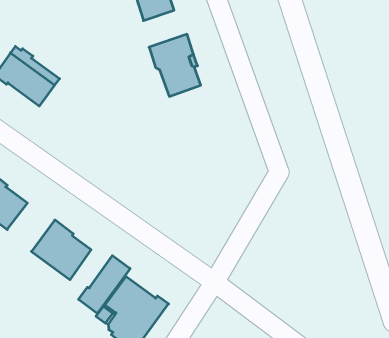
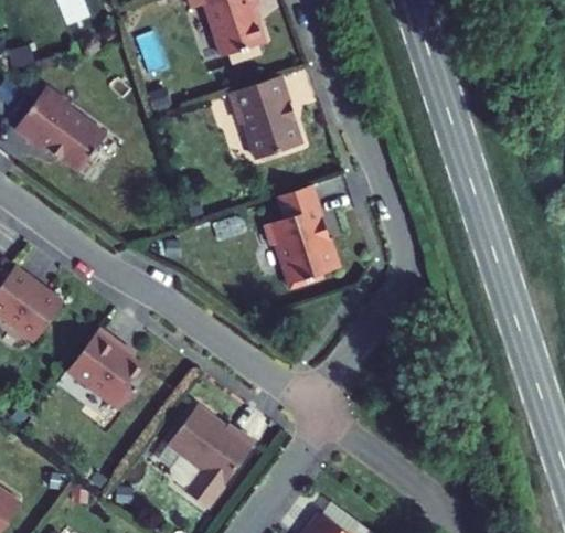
building: none -> [266,183,340,287]
building: [79,256,130,314] -> none

